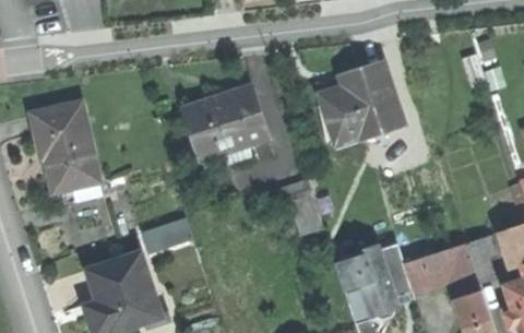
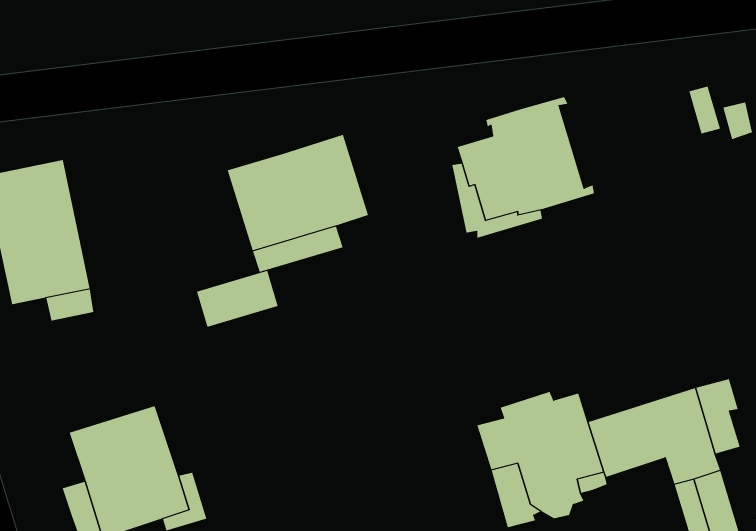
building: [283,178,325,236] -> none
building: [141,217,191,252] -> [196,270,279,328]

